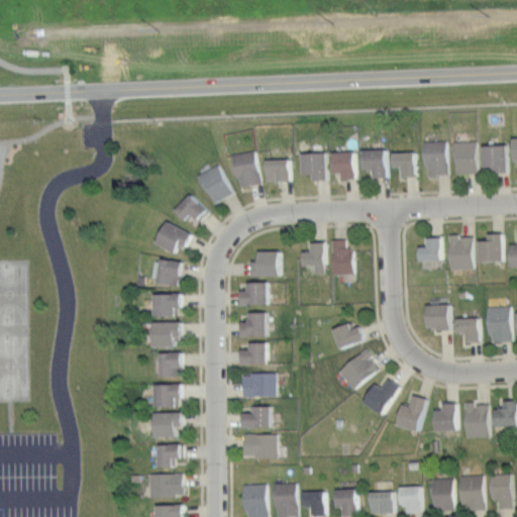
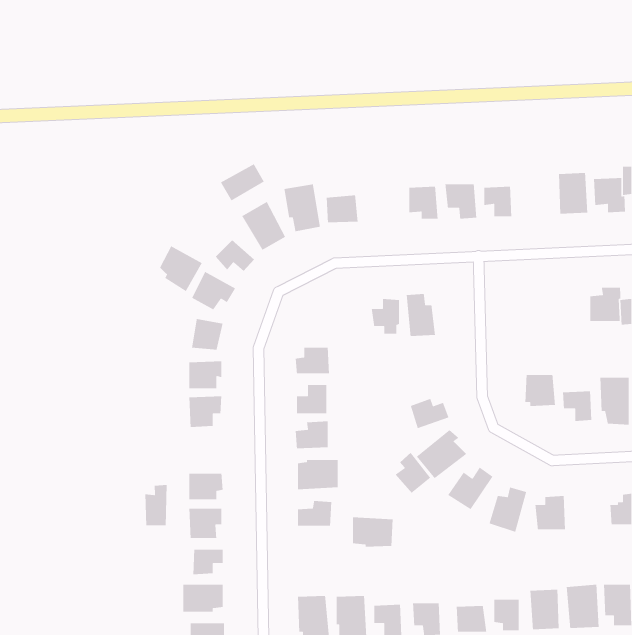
building: none -> [220,163,265,202]
building: [420,141,447,178] -> none
building: [299,153,325,181] -> none
building: none -> [159,245,203,292]
building: [445,236,472,271] -> none
building: [417,238,440,262] -> none
building: [249,251,278,277] -> none
building: [158,352,180,377] -> none
building: none -> [395,452,431,494]
building: none -> [145,484,167,526]
building: [462,402,488,438] -> none
building: [241,433,275,458] -> [352,516,394,548]

